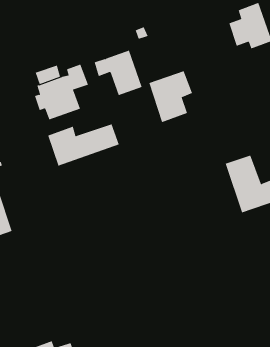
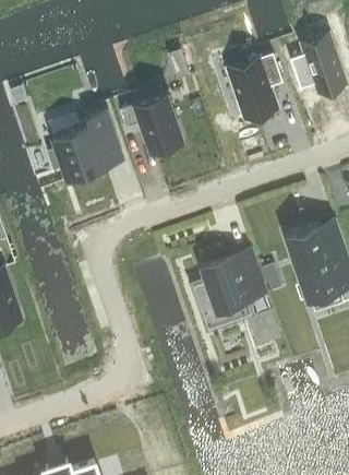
building: [149,71,193,123] -> [229,55,285,120]
building: [47,124,119,166] -> none
building: none -> [191,250,267,334]

